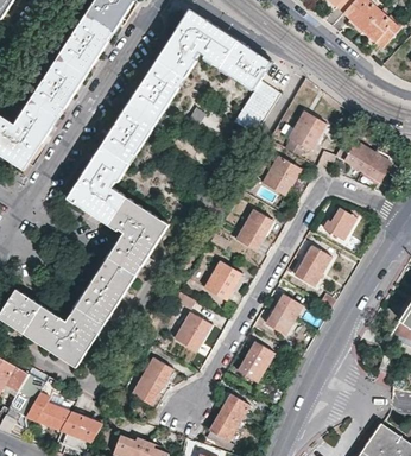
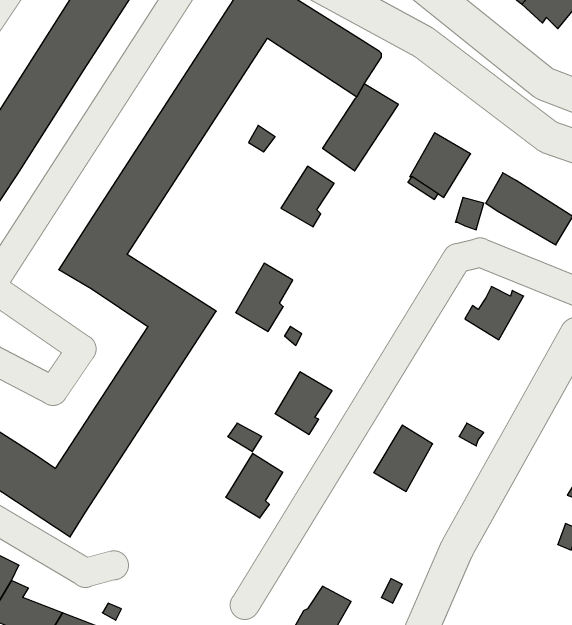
building: [261,156,295,194] -> [281,166,334,227]
building: [234,208,270,251] -> [236,263,293,331]
building: [295,246,330,285] -> none
building: [238,342,273,382] -> none
building: [131,344,170,405] -> none

